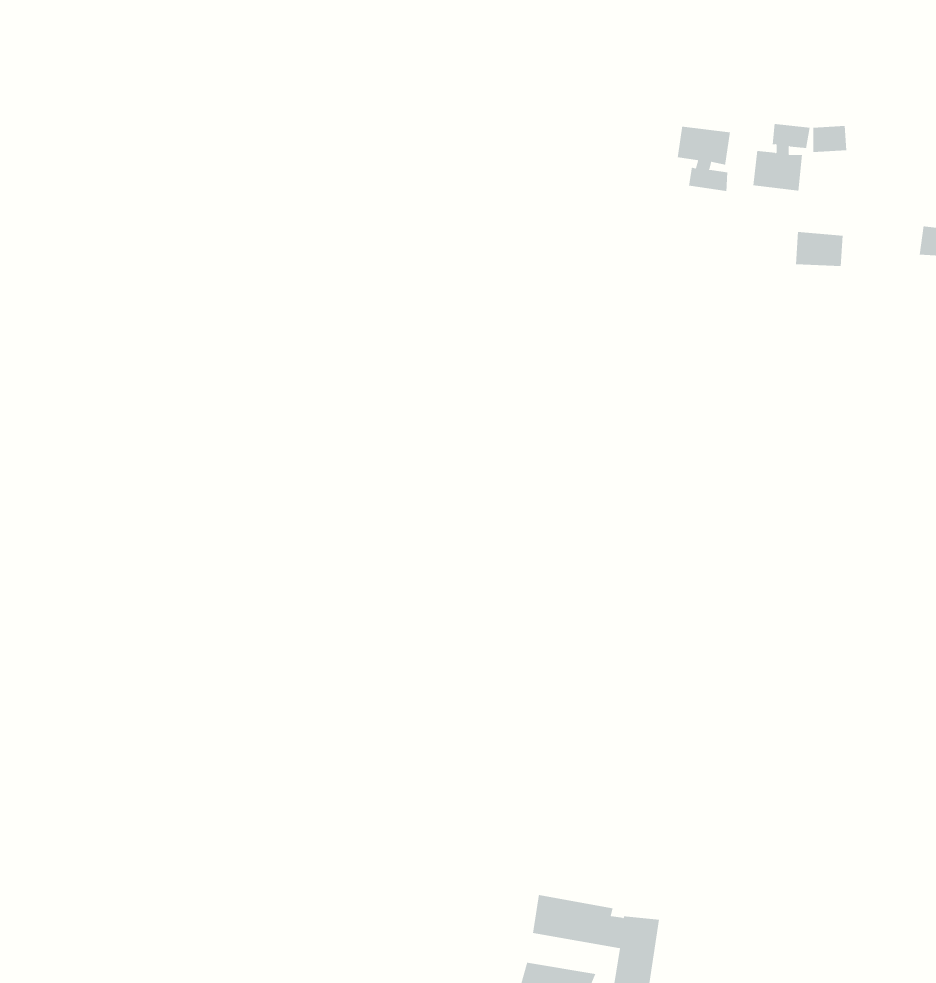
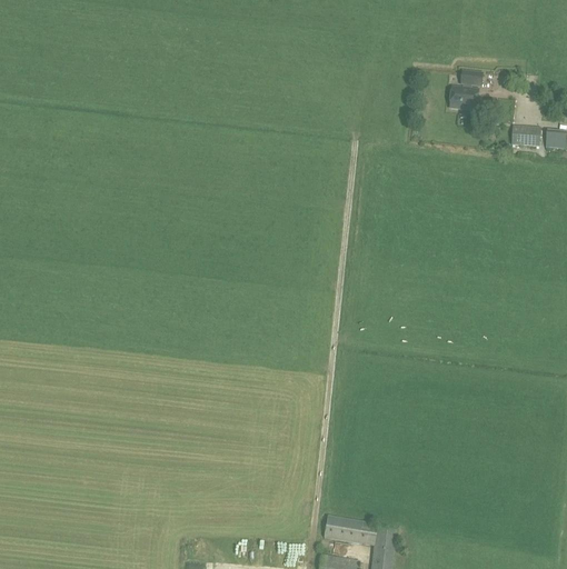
building: [677,126,730,192] -> none
building: [795,232,843,266] -> [513,126,540,146]

